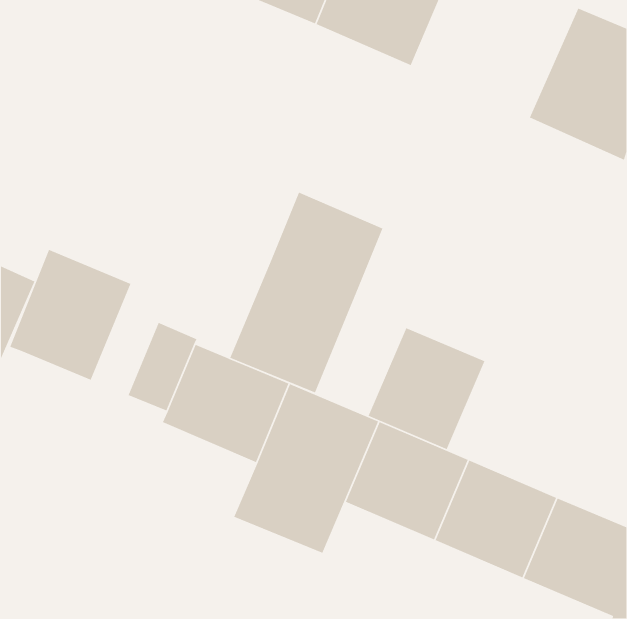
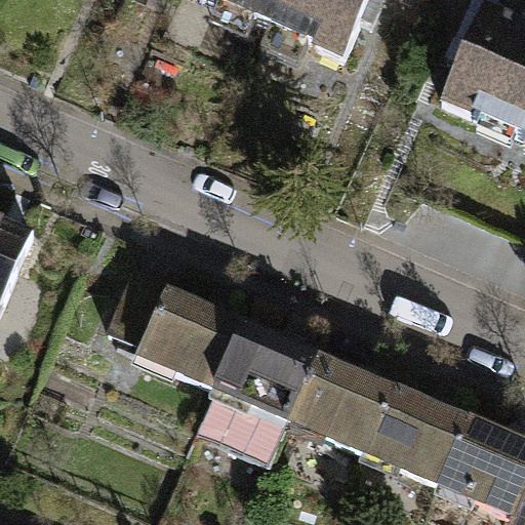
building: [229,192,384,394] -> none
building: [9,249,132,381] -> none
building: [367,327,486,450] -> none

